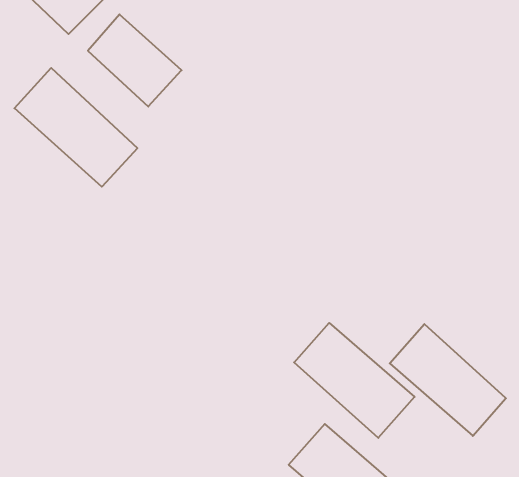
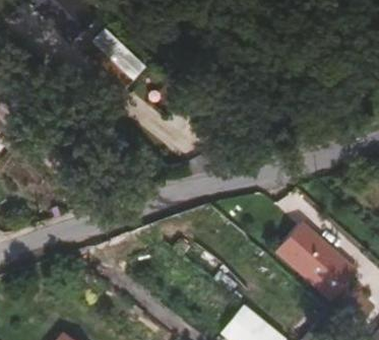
building: [14,68,137,187] -> none
building: [294,323,415,438] -> none

